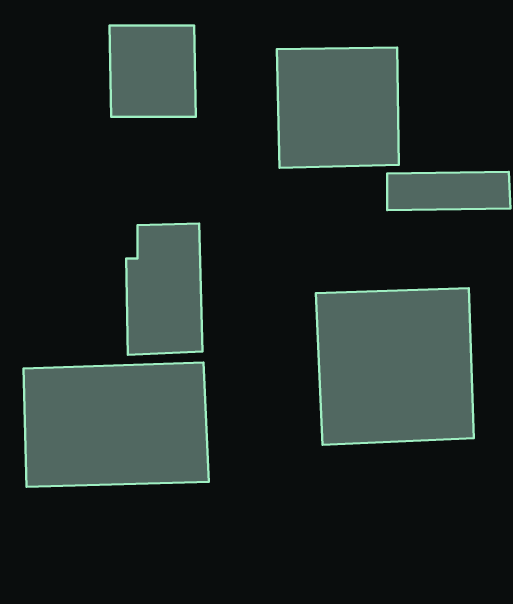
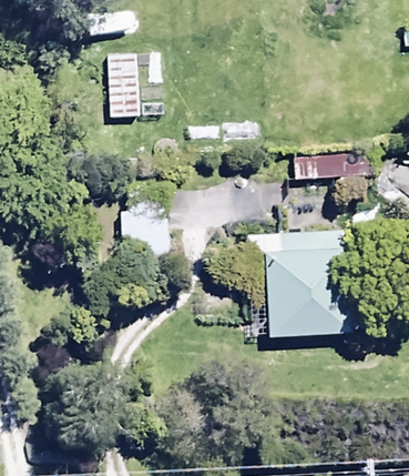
building: [277,48,399,168] -> none
building: [23,363,209,487] -> none

